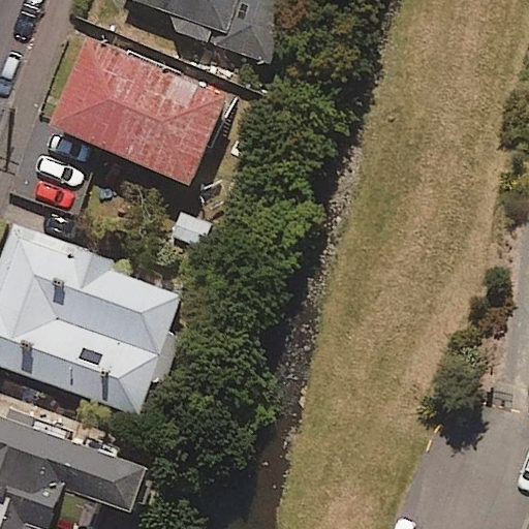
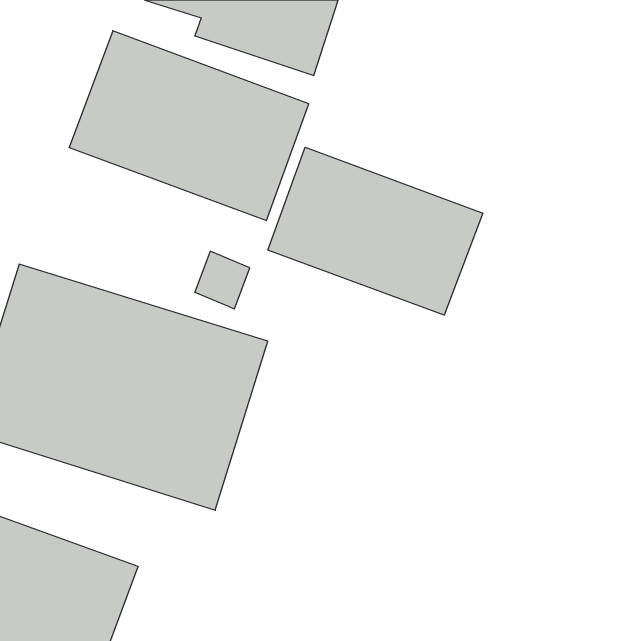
building: none -> [268,147,483,315]

